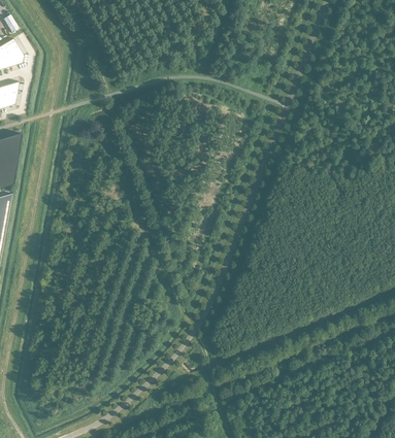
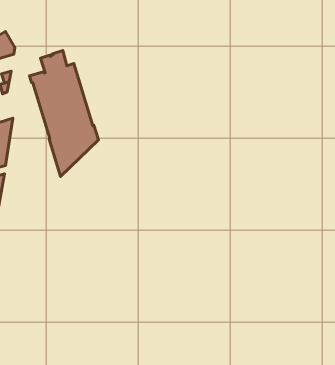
building: none -> [30,50,99,177]

